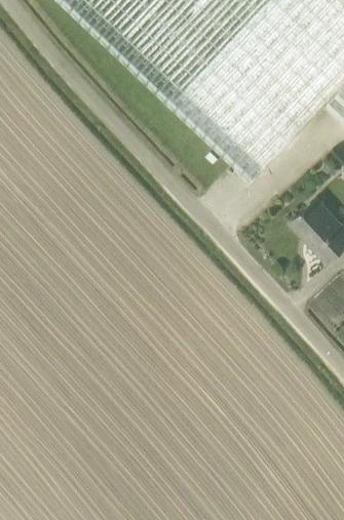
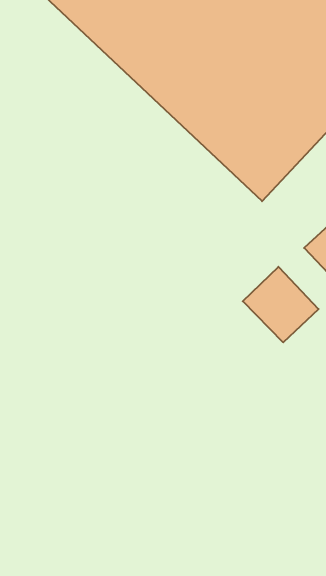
building: none -> [243,267,319,342]

